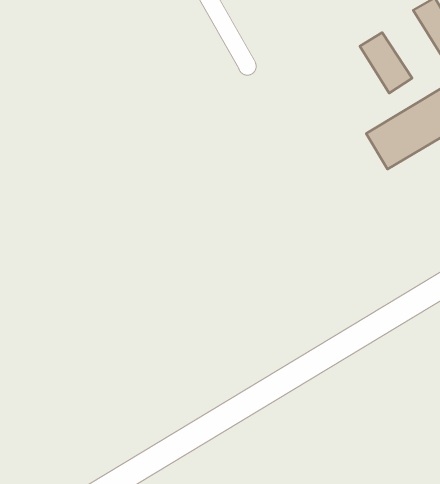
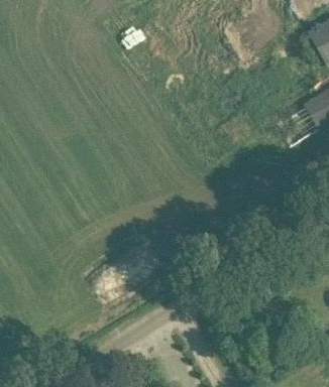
building: [360,33,412,93] -> none

